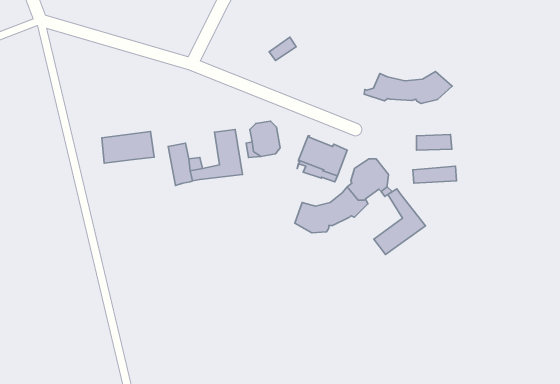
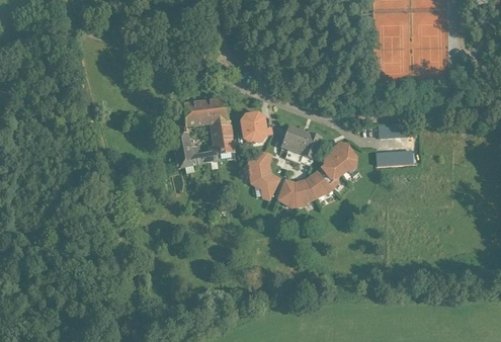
building: [364,72,452,103] -> none
building: [102,132,154,163] -> [184,97,228,123]
building: none -> [248,151,279,197]
building: [374,189,425,254] -> none

